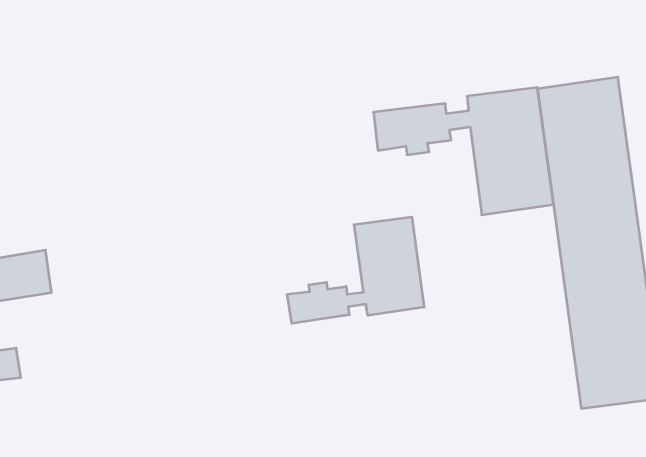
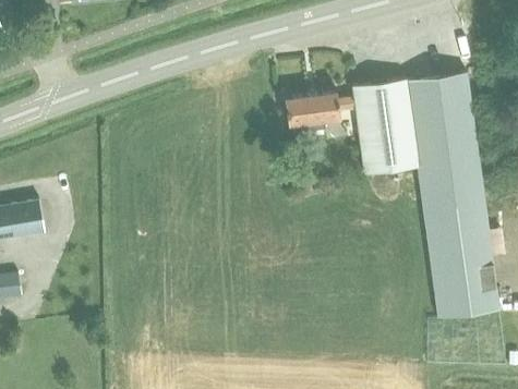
building: [287,217,424,323] -> none

